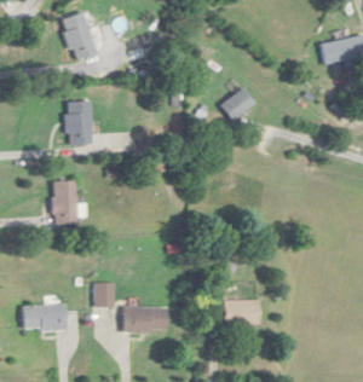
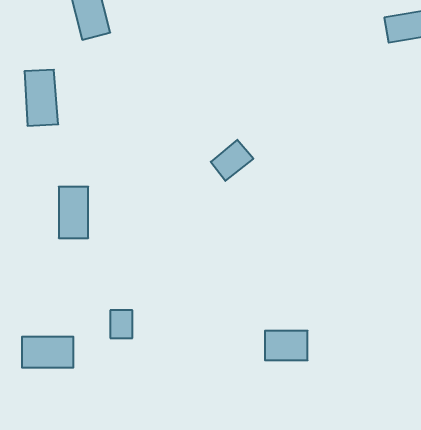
building: [220,87,255,121] -> [211,140,253,181]
building: [65,100,93,146] -> [24,70,58,126]
building: [122,306,166,331] -> none

